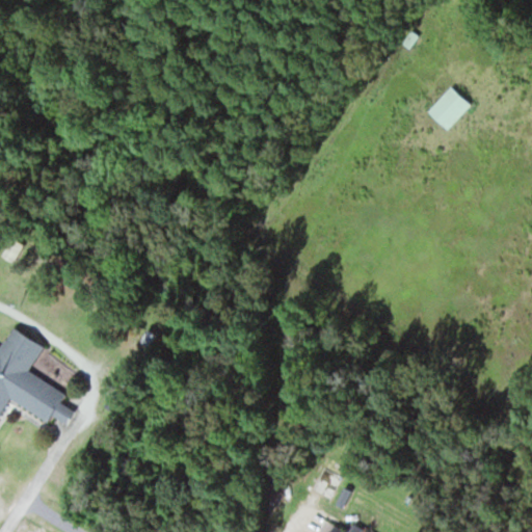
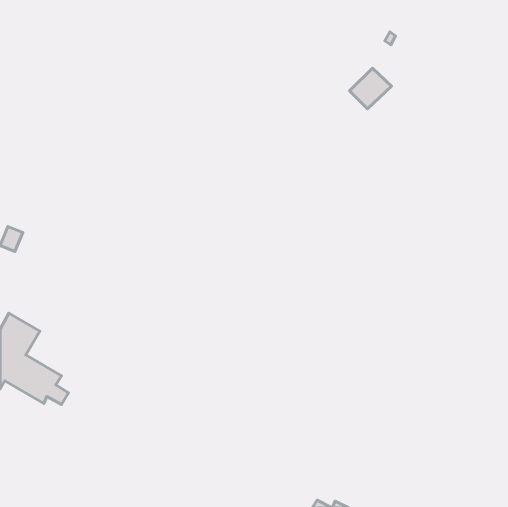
building: [426,87,470,130] -> [350,68,391,109]

